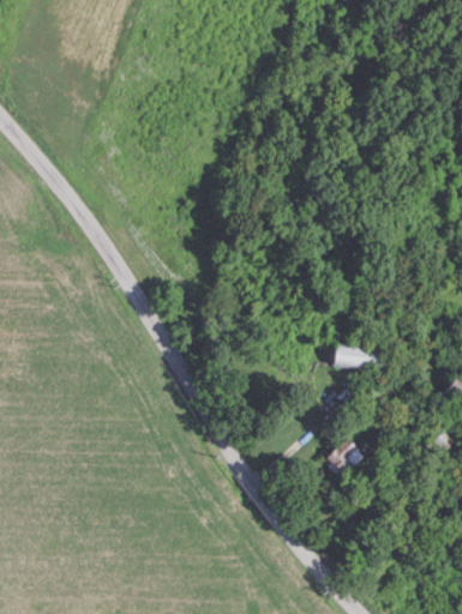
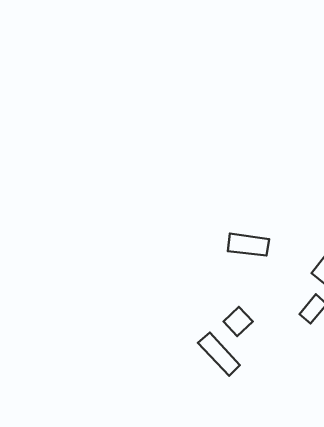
building: none -> [198,333,240,376]

